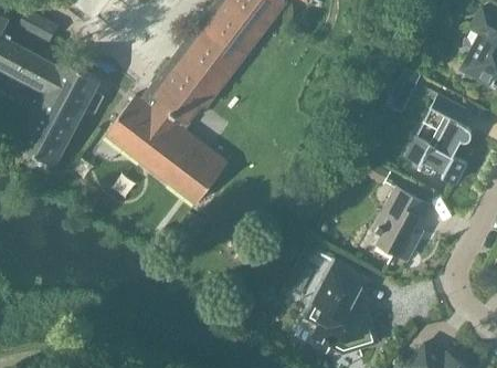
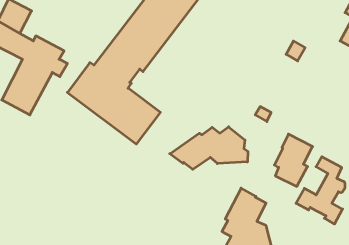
building: [405,96,470,186] -> [296,157,345,224]
building: none -> [170,127,248,169]

